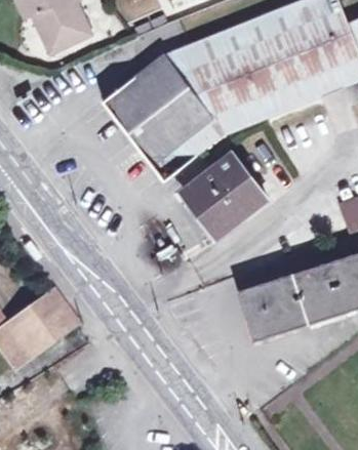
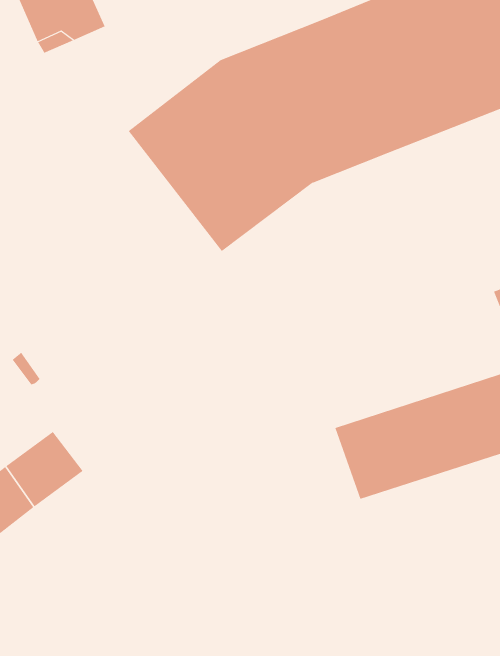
building: [184,154,267,236] -> none

